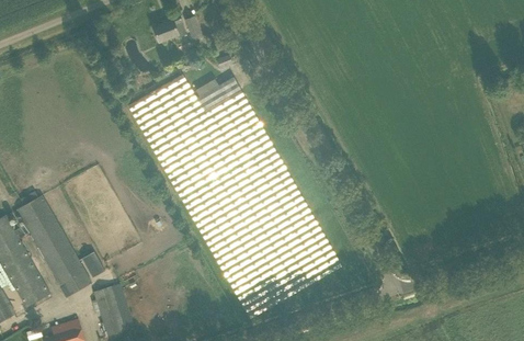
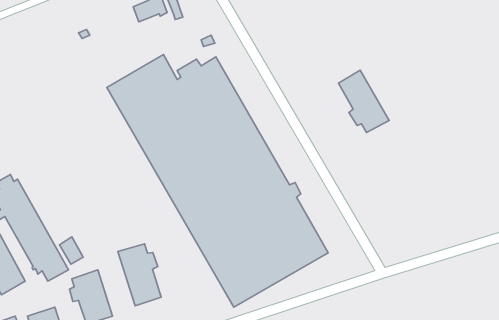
building: none -> [338,70,389,132]
building: none -> [118,244,161,306]

